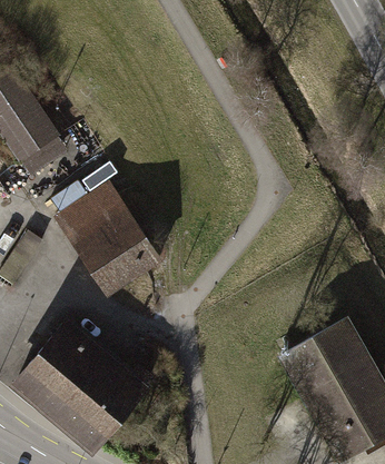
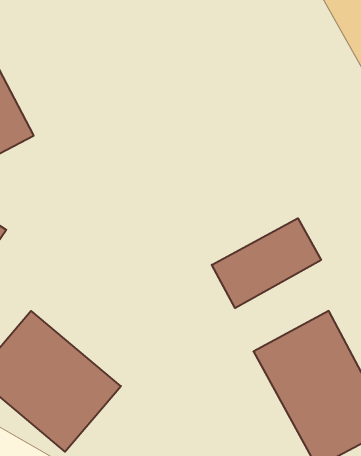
building: [53,179,164,298] -> none
building: none -> [212,218,321,308]

